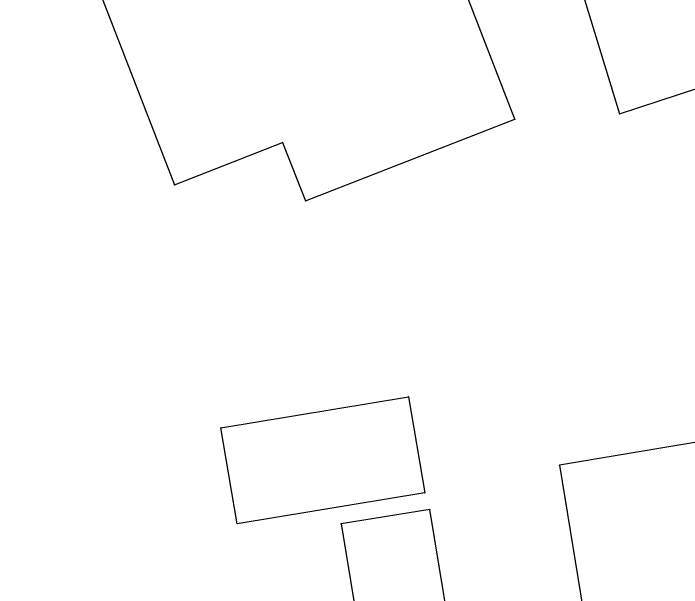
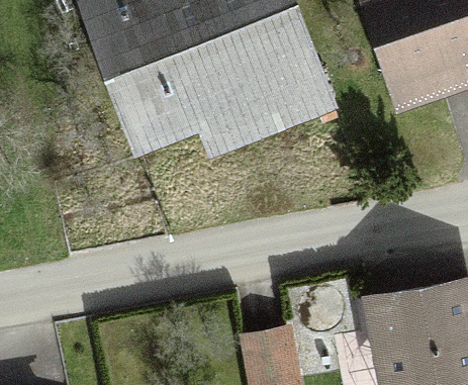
building: [221,397,425,524] -> none

